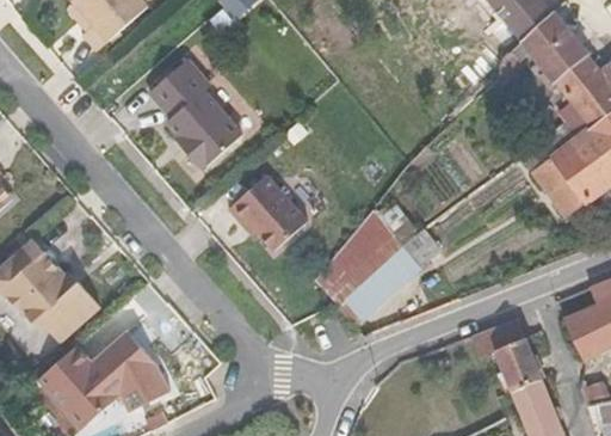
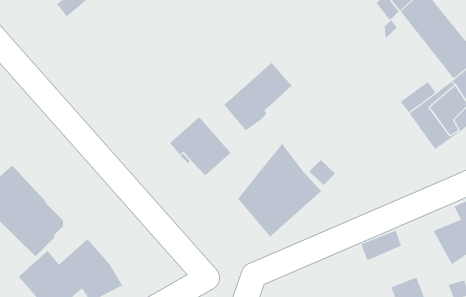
building: [149,57,242,170] -> none
building: none -> [224,62,292,131]
building: [494,338,543,392] -> none

